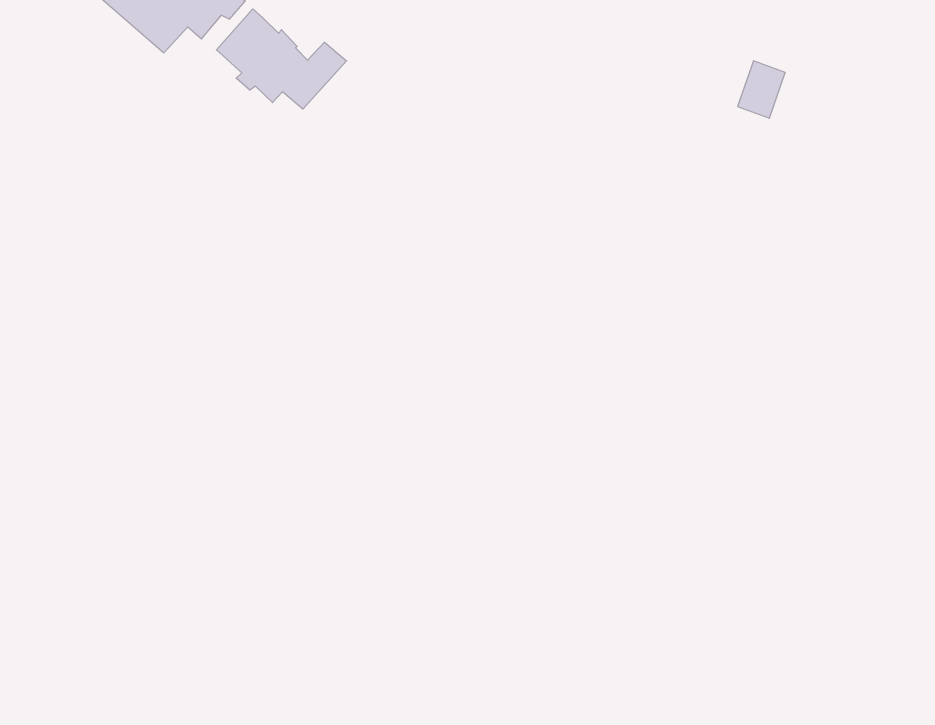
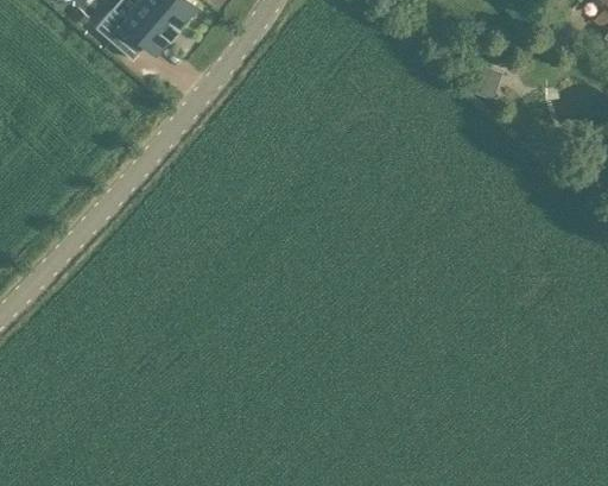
building: [216,9,347,109] -> none

